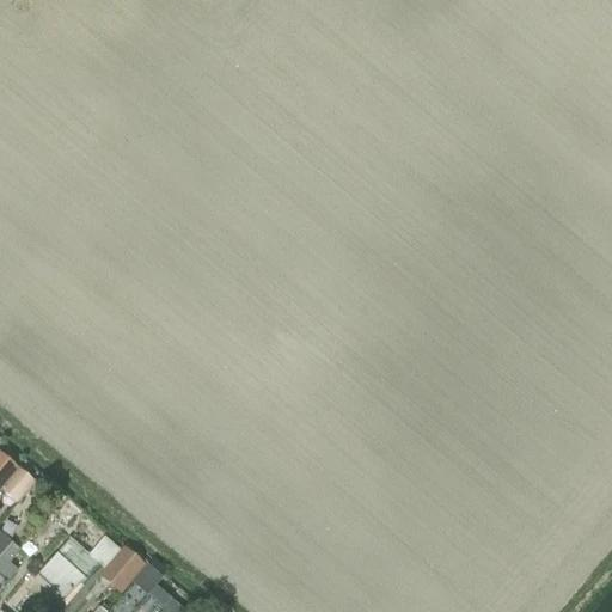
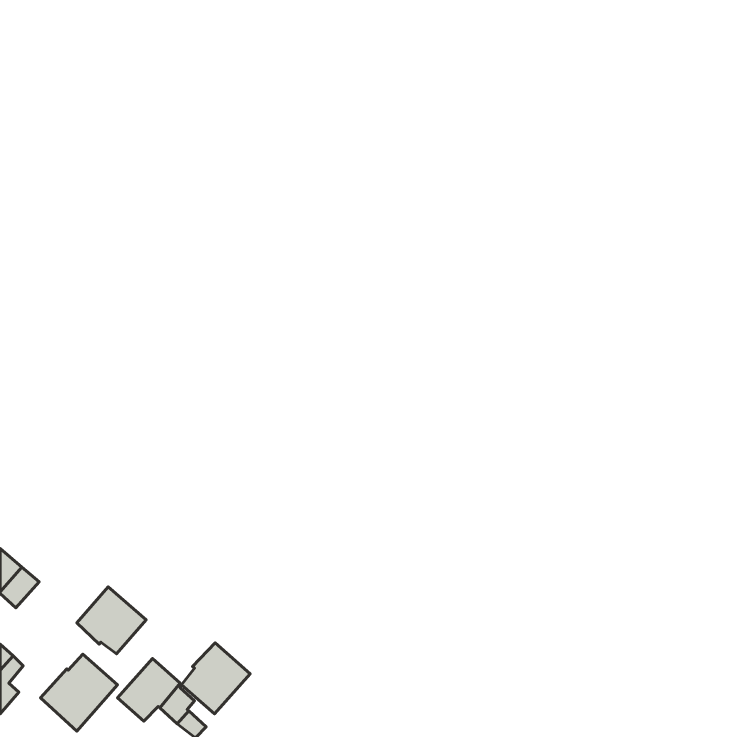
building: none -> [77,587,146,654]
building: none -> [182,643,250,714]

